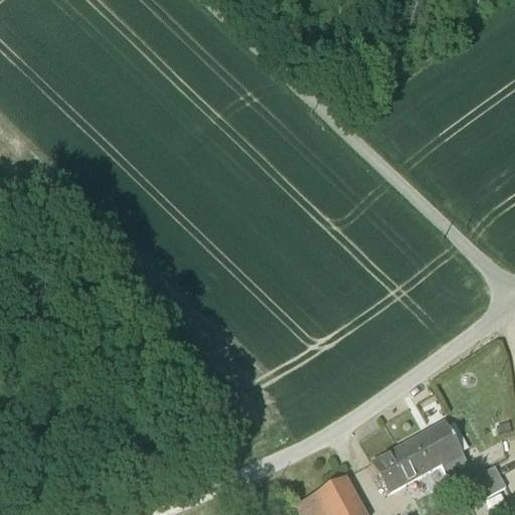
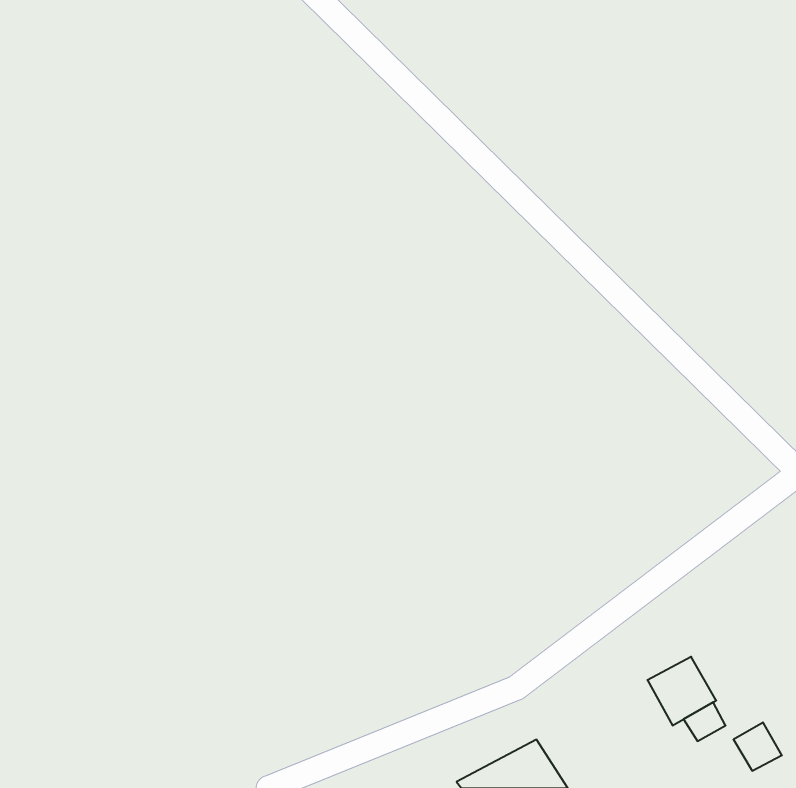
building: [375,438,433,490] -> none

